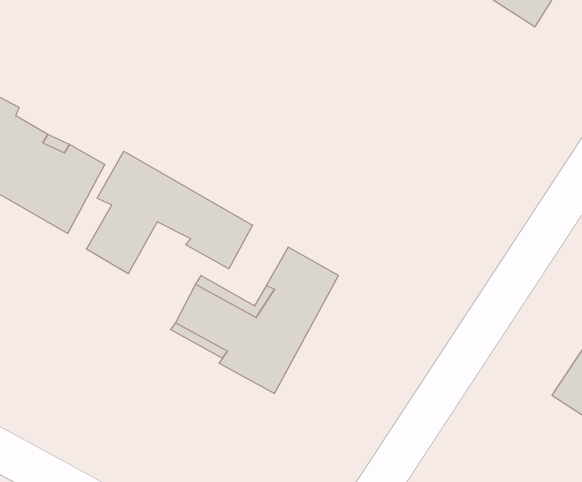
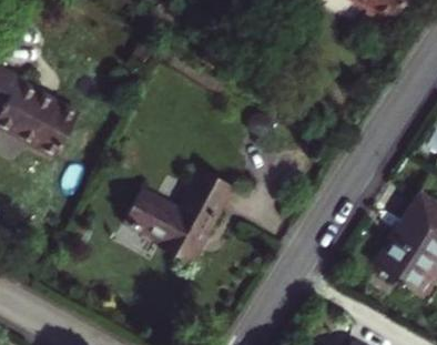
building: [87,151,253,274] -> none

